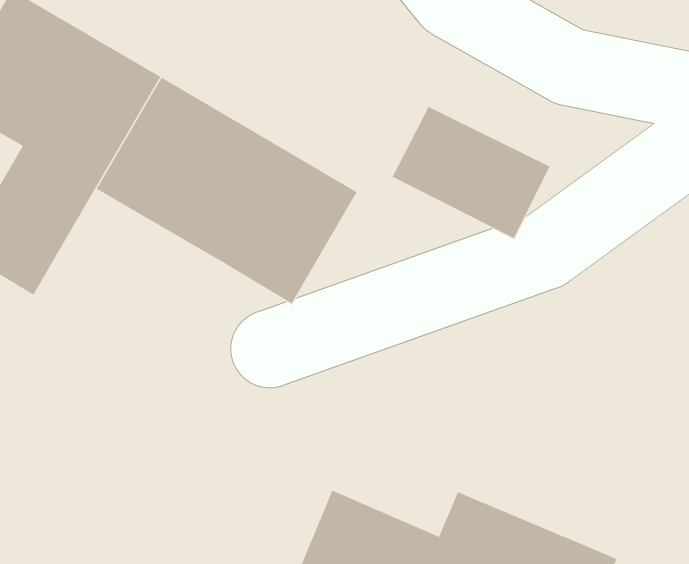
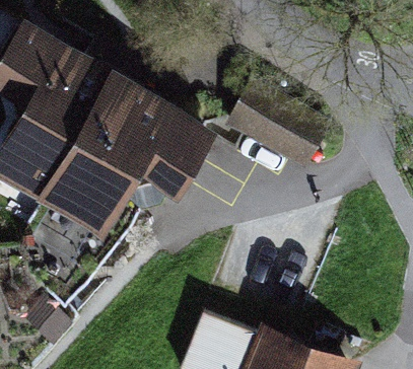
building: none -> [24,139,136,244]

